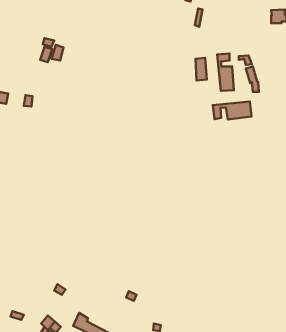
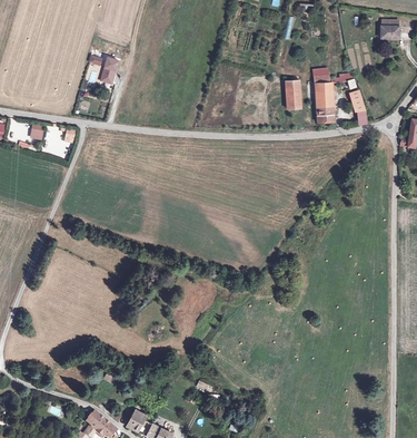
building: [213,102,252,119] -> none

